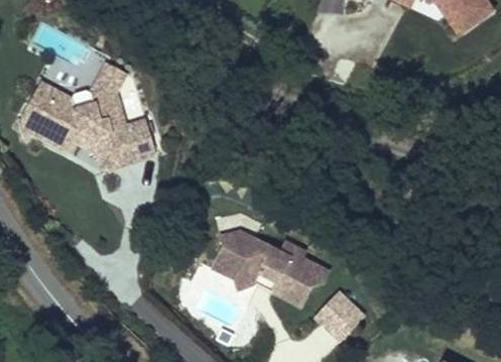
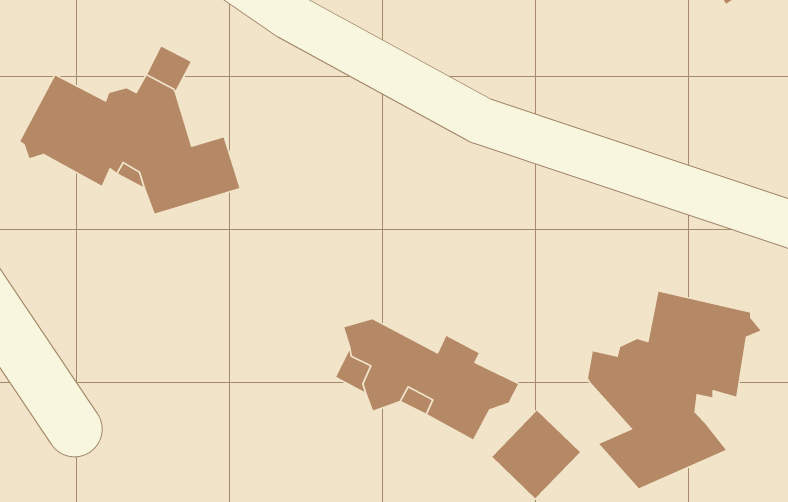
building: none -> [587,291,762,489]

